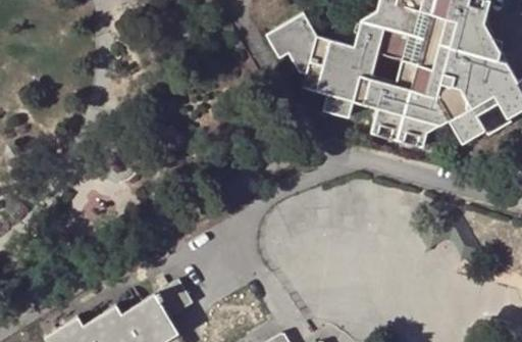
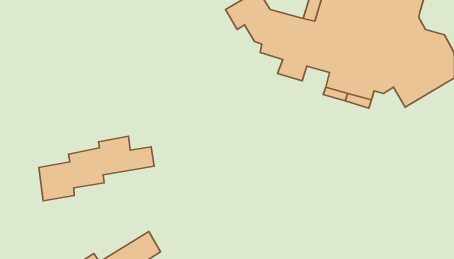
building: none -> [39,136,154,201]

